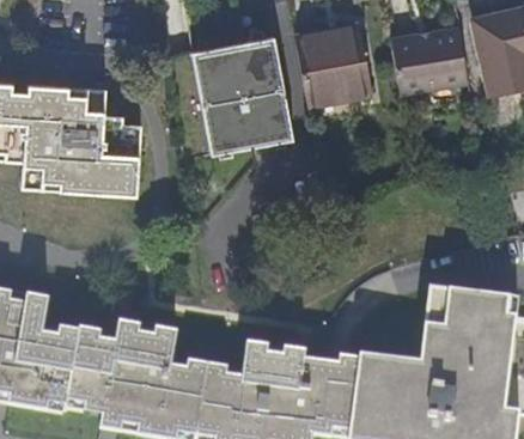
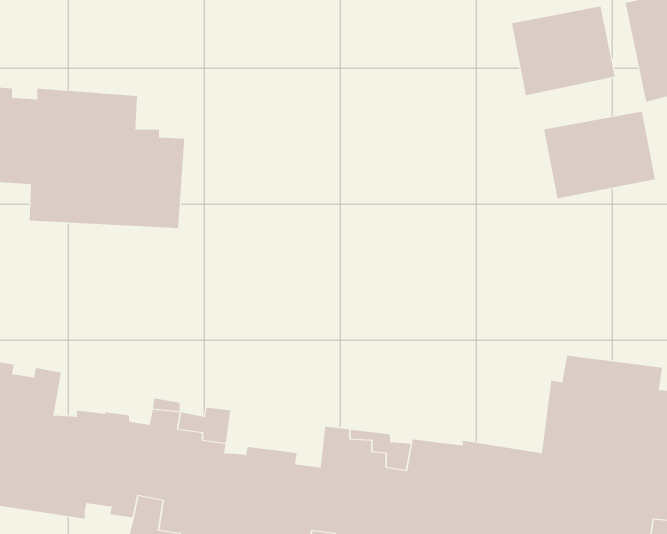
building: [297,28,373,108] -> none
building: [191,36,294,154] -> none
building: none -> [543,111,655,199]

